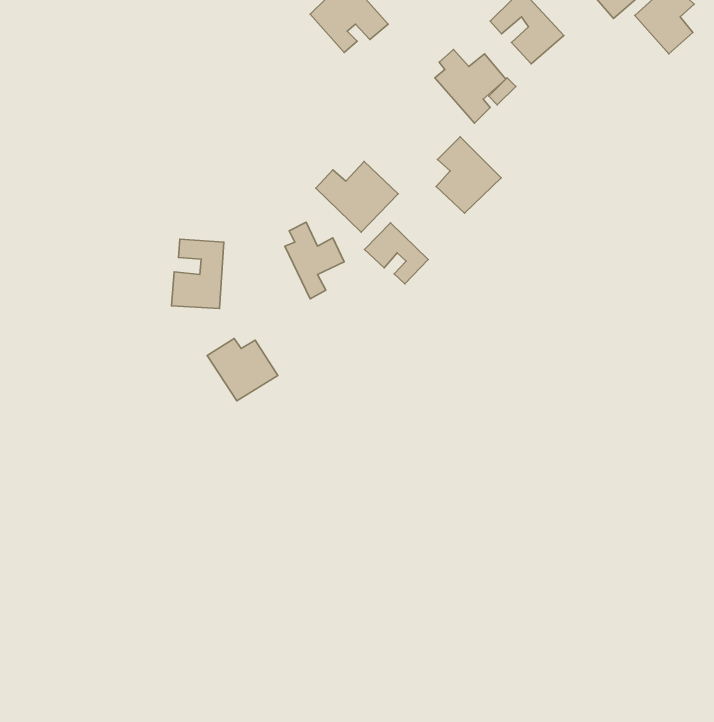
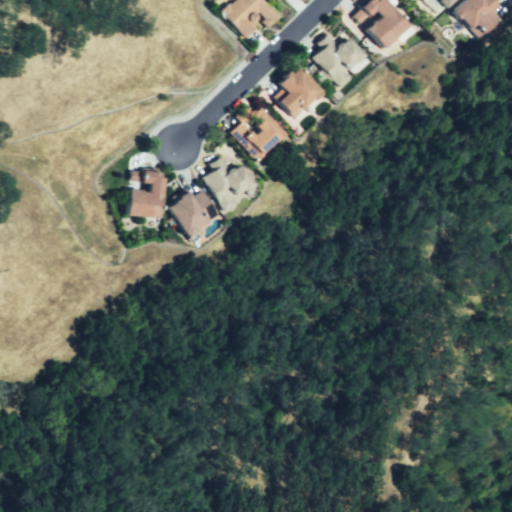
building: [436,137,501,213] -> [277,66,323,120]
building: [365,223,428,284] -> none
building: [207,339,278,401] -> [170,190,220,234]

